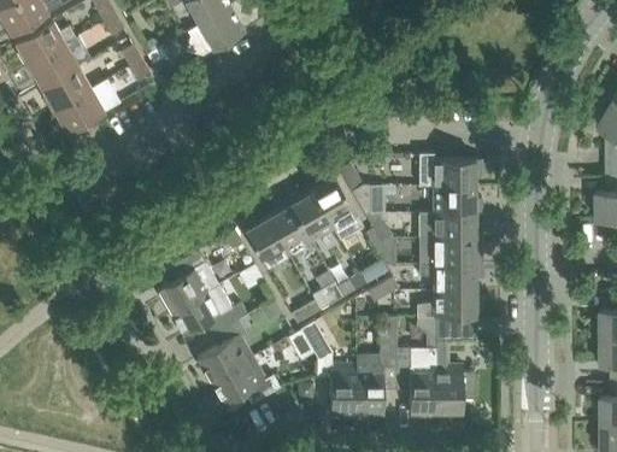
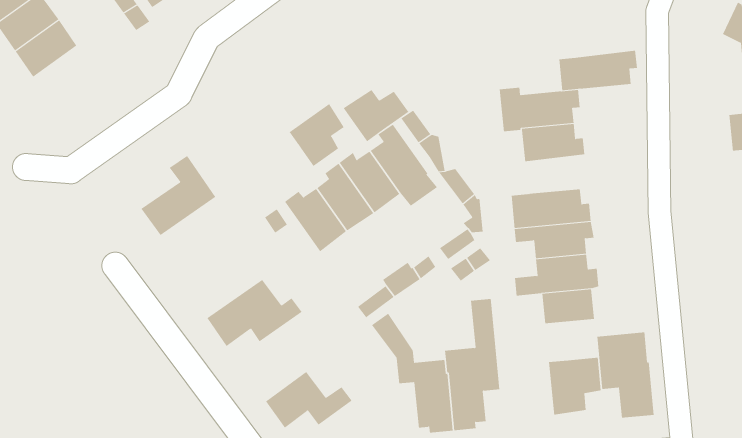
building: [53,78,113,133] -> none
building: none -> [343,89,409,142]
building: none -> [289,103,344,167]
building: [419,211,481,237] -> [559,50,638,91]
building: [158,250,218,311] -> [141,155,216,236]
building: [198,313,249,381] -> none
building: [396,347,436,413] -> [596,332,655,418]

